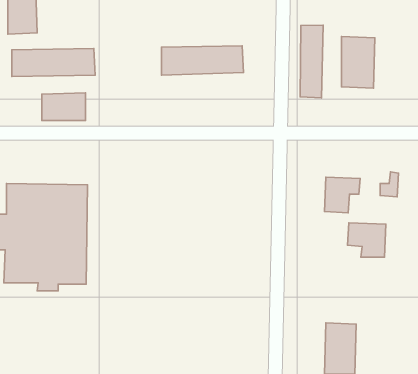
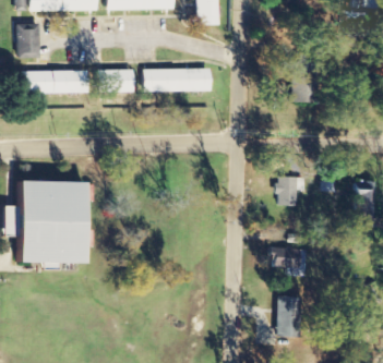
building: [300,25,323,98] -> none
building: [42,93,85,121] -> [97,69,133,92]
building: [348,223,386,257] -> [276,247,308,276]

